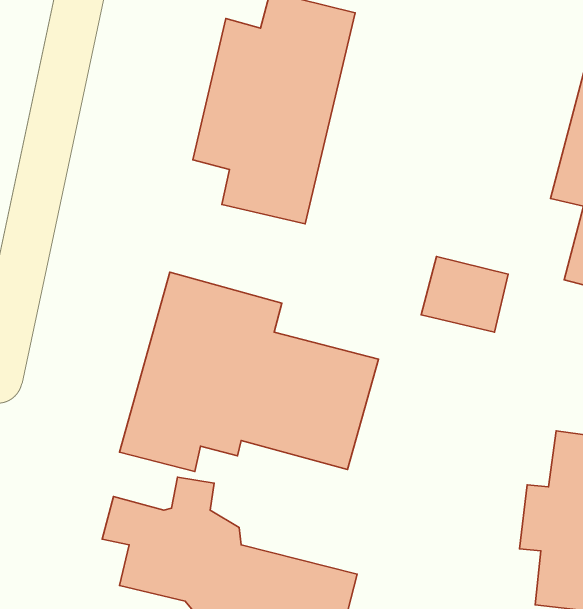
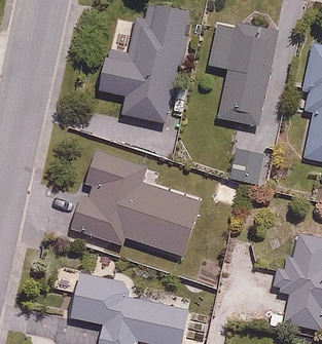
building: none -> [208,18,276,125]

